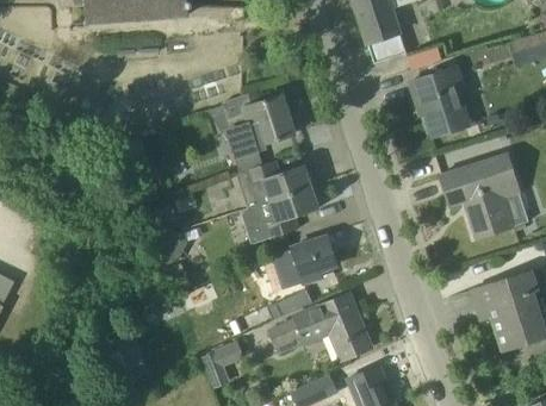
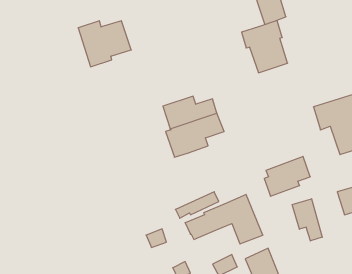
building: [409,67,471,137] -> [242,21,288,73]
building: [222,95,293,157] -> [78,21,131,67]
building: [274,237,336,291] -> [264,156,310,196]
building: none -> [292,199,322,241]

